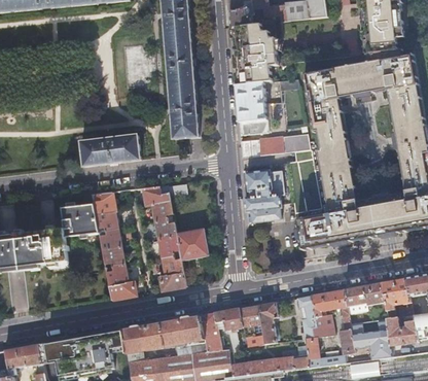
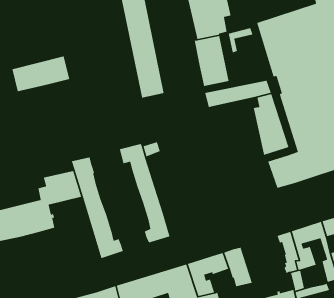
building: [80,134,140,166] -> [11,55,70,92]
building: [244,169,283,222] -> none
building: [176,228,209,259] -> none
building: [257,302,277,344] -> none

